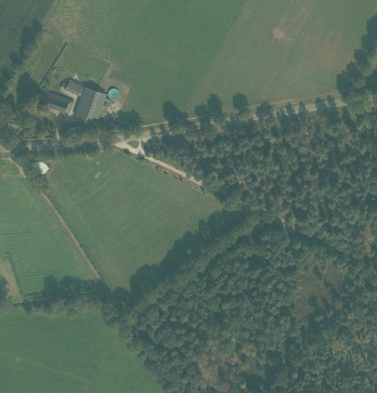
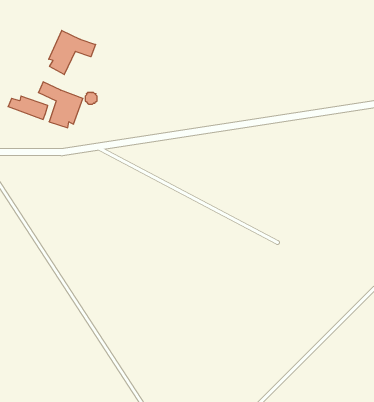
building: none -> [49,30,96,75]

